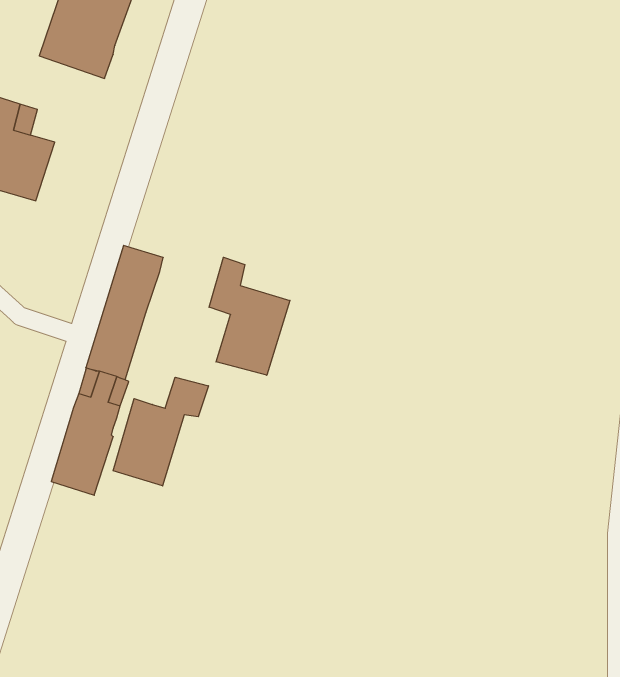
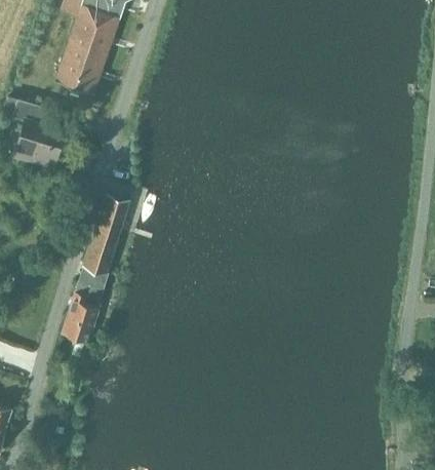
building: [209,257,290,375] -> none
building: [113,377,208,486] -> none

